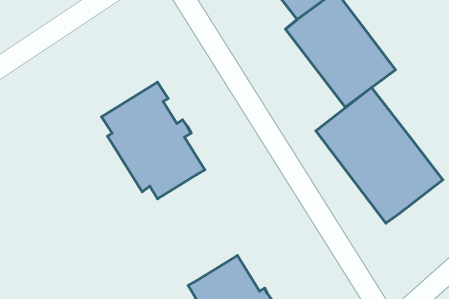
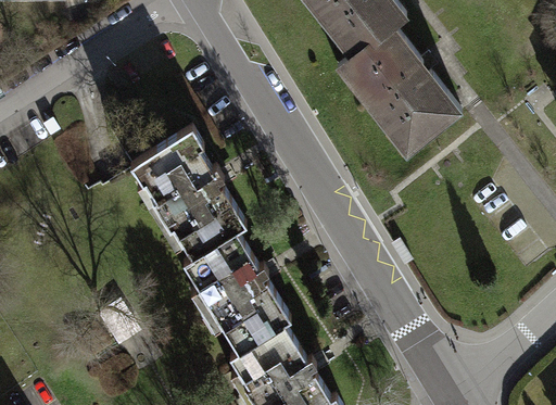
building: [316,88,443,223] -> none
building: none -> [186,233,290,353]

